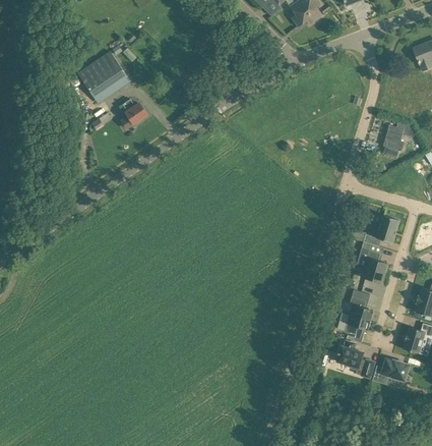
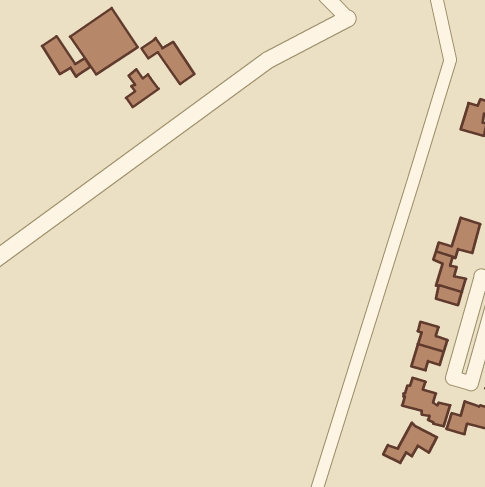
building: none -> [42,36,90,77]
building: none -> [142,38,194,84]
building: none -> [383,423,437,463]

